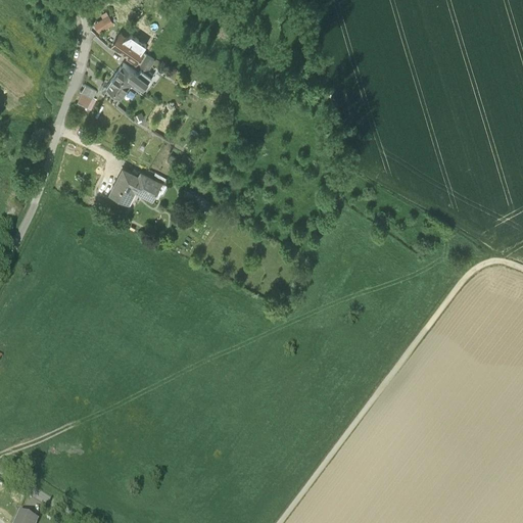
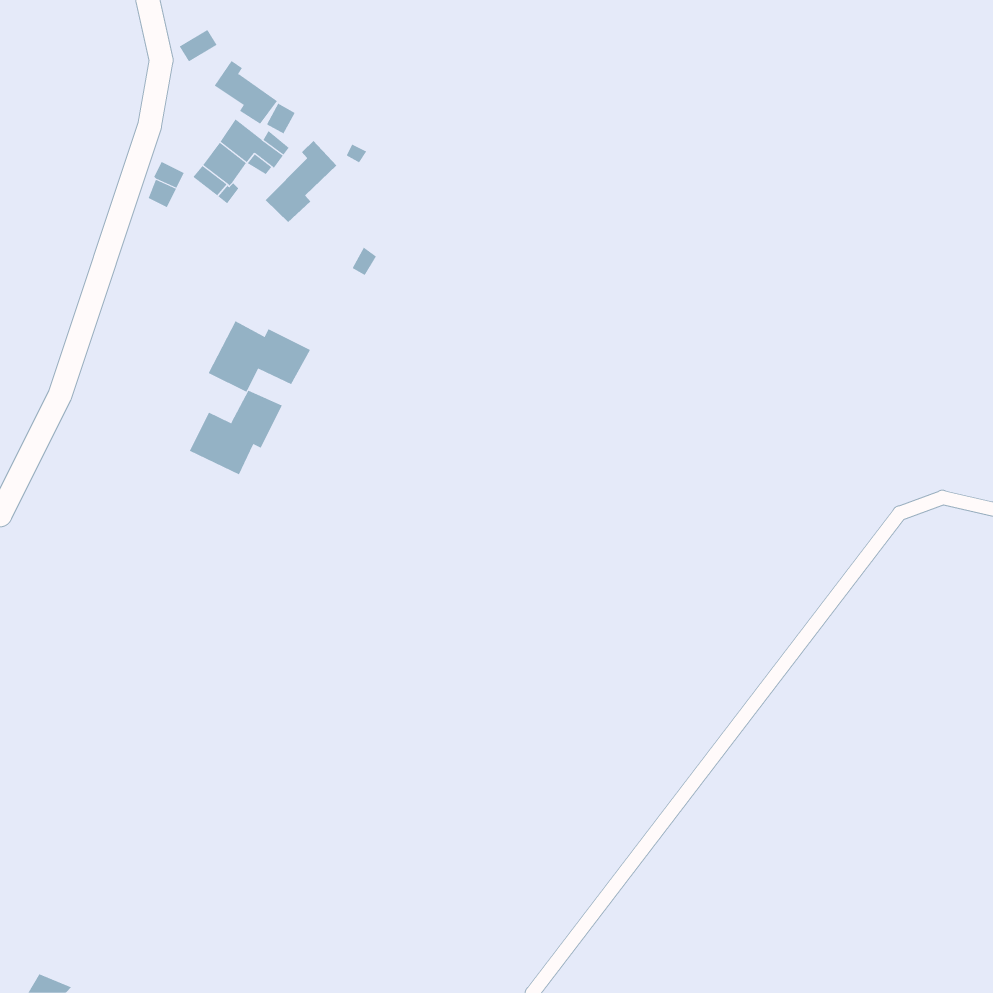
building: none -> [265,140,337,223]
building: none -> [189,390,283,475]

